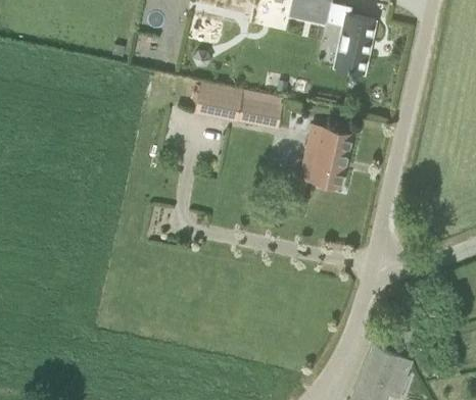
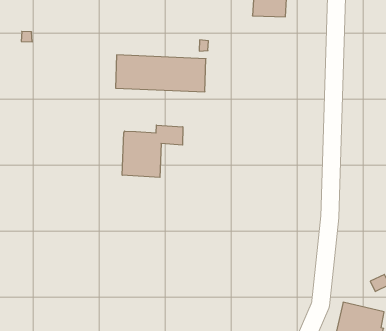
building: [306,124,351,186] -> none
building: none -> [122,125,183,177]

